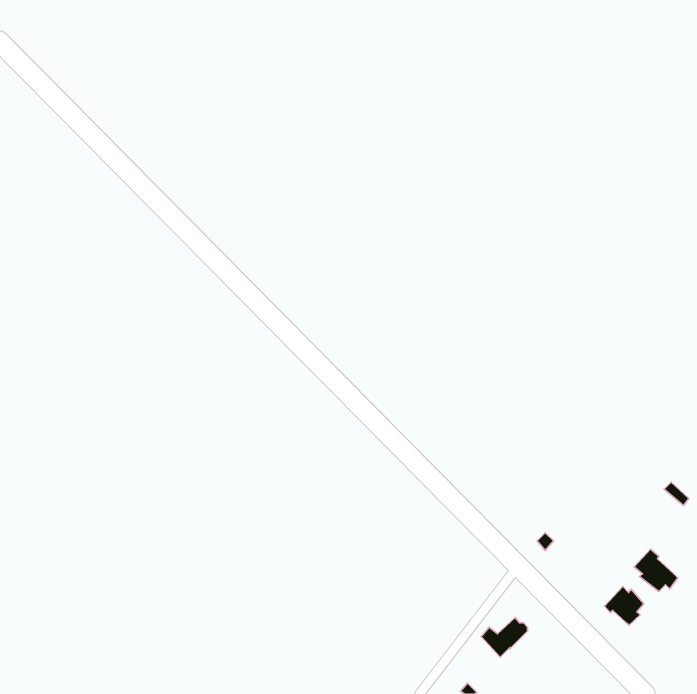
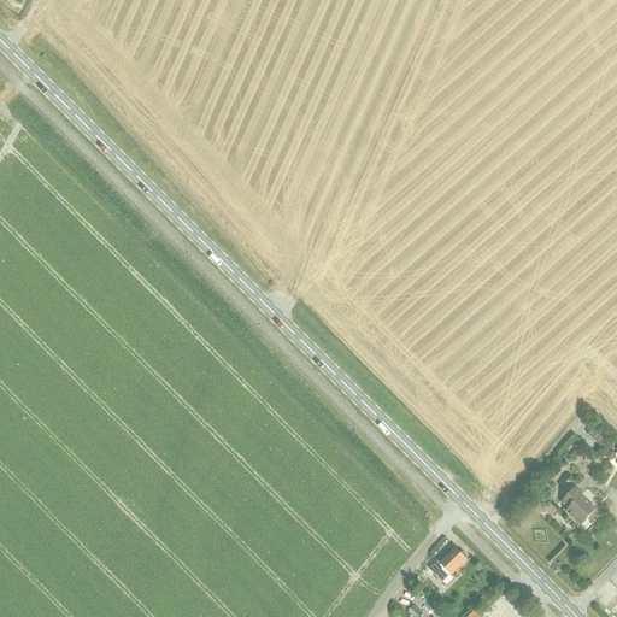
building: [604,586,644,625] -> none

